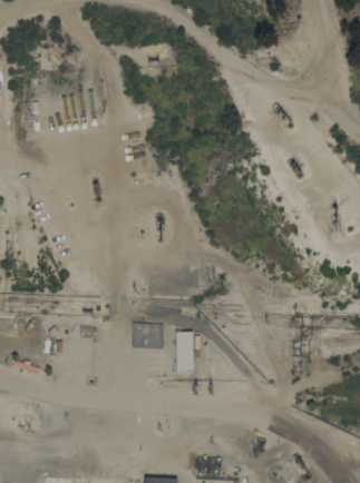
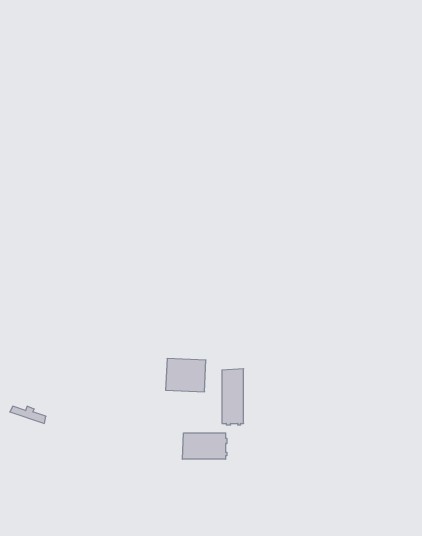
building: none -> [182,433,227,459]

